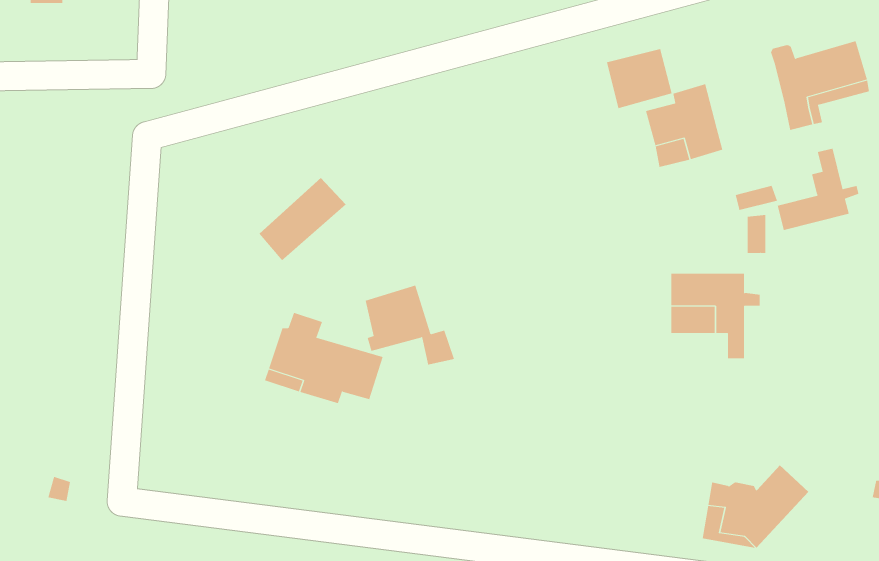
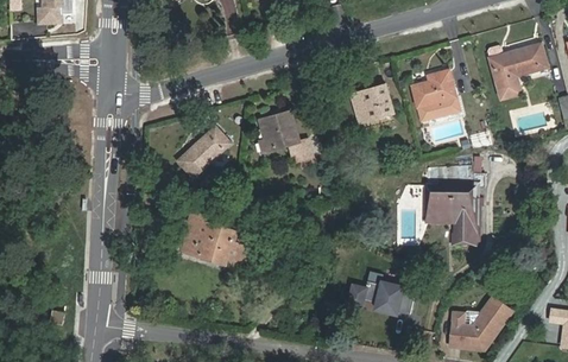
building: [606,48,672,109] -> [351,85,391,122]
building: [777,148,859,231] -> none
building: [365,285,455,365] -> [258,112,313,160]
building: none -> [348,284,415,316]

